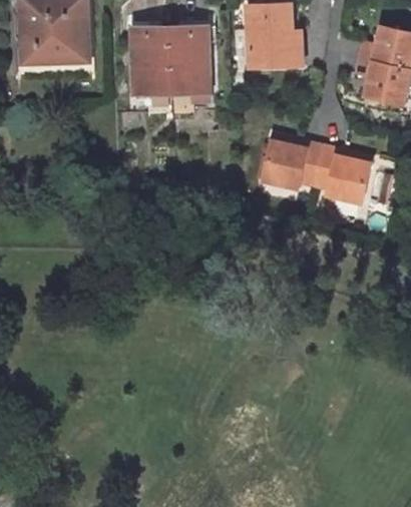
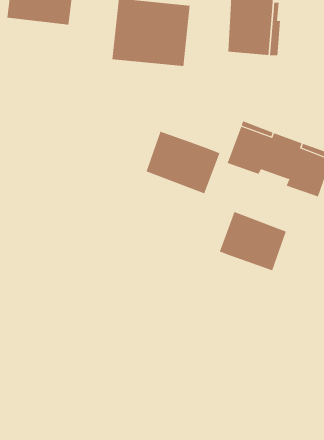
building: none -> [146,131,220,194]
building: none -> [219,211,286,271]

